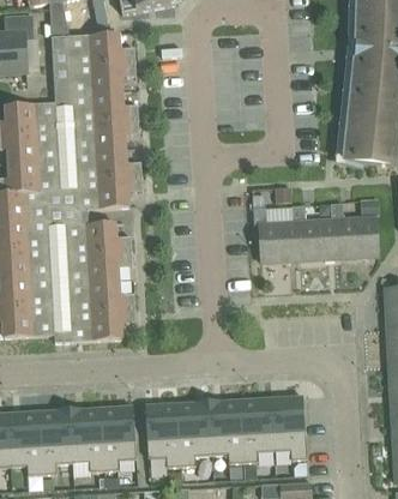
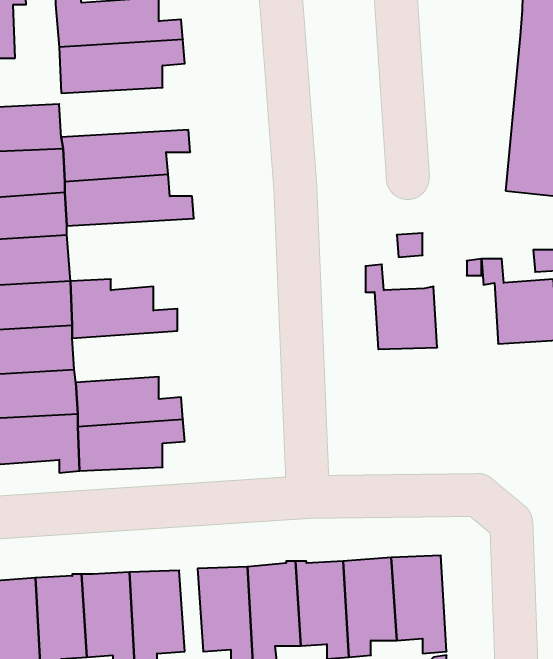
building: [54,91,138,124] -> none
building: [59,176,141,217] -> none
building: [291,204,339,260] -> none
building: [62,250,132,283] -> none

